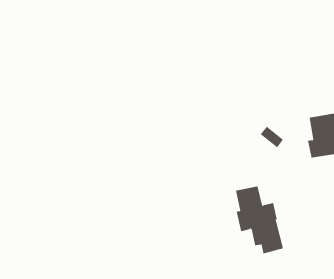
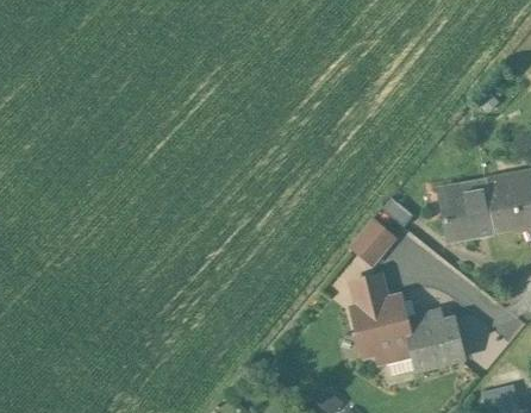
building: none -> [350,219,394,263]
building: none -> [405,313,463,369]

